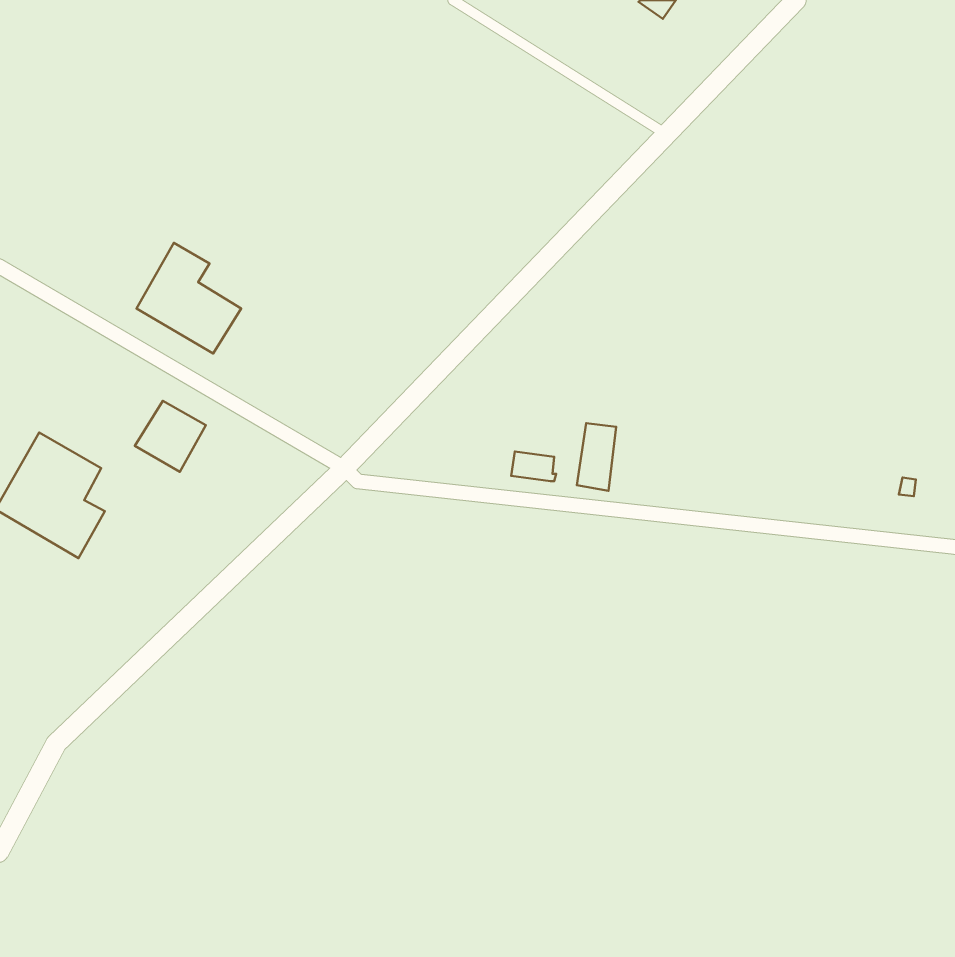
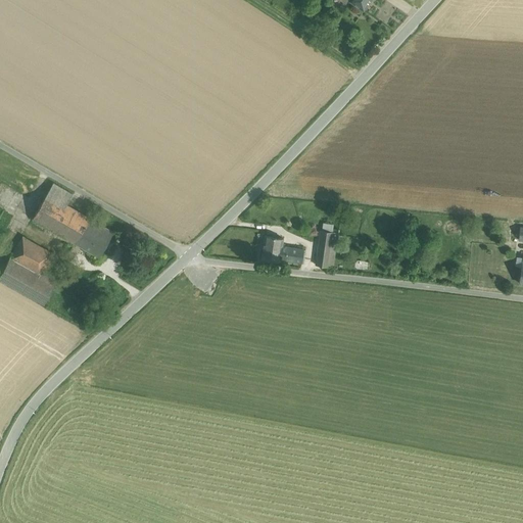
building: [136,243,241,353] -> [32,183,89,243]
building: none -> [260,236,282,262]

